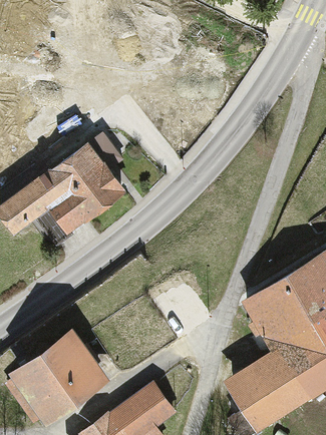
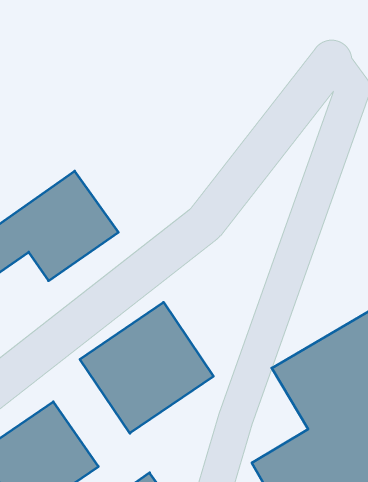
building: none -> [80,302,213,433]

